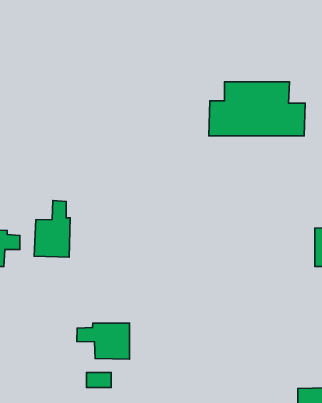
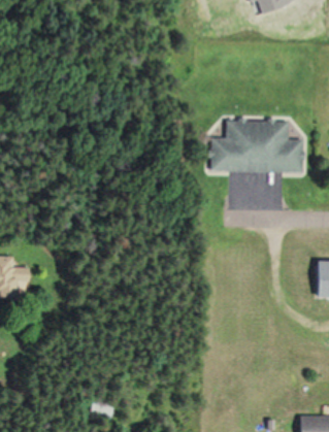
building: [34,201,70,257] -> none
building: [77,323,130,359] -> none

